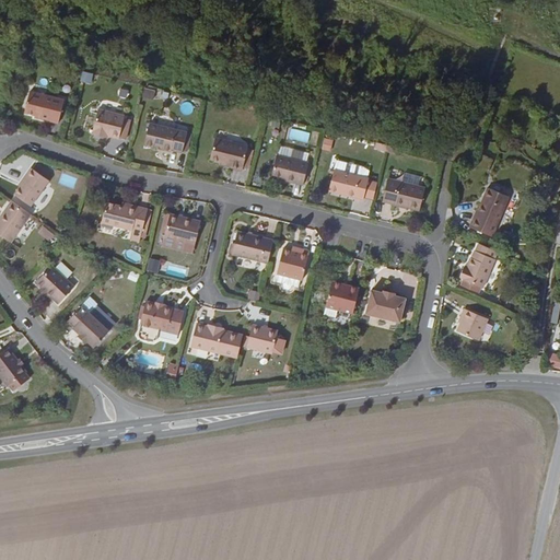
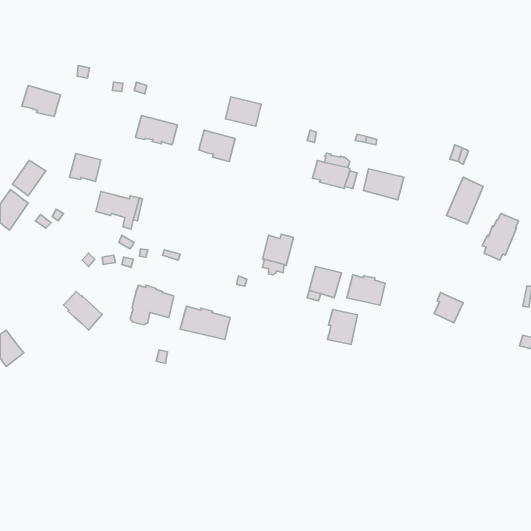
building: [92,108,125,138] -> [70,154,101,182]
building: [271,153,308,184] -> [226,97,261,126]
building: [164,213,200,243] -> none
building: [232,230,273,262] -> none
building: [459,243,498,292] -> [482,213,519,260]
building: [35,265,74,302] -> none
building: [247,324,278,352] -> none
building: none -> [327,309,357,344]

